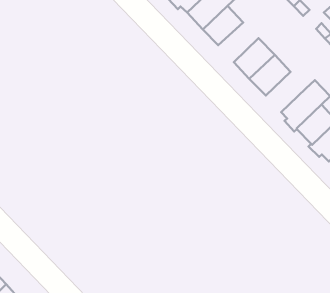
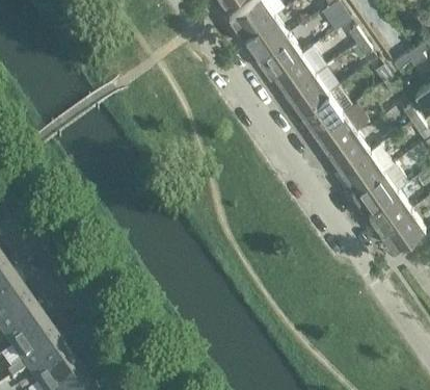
building: none -> [300,93,343,132]
building: none -> [342,151,384,191]

